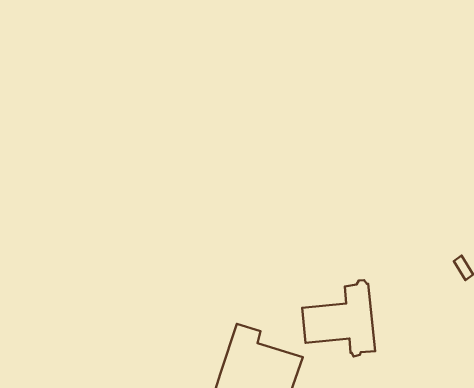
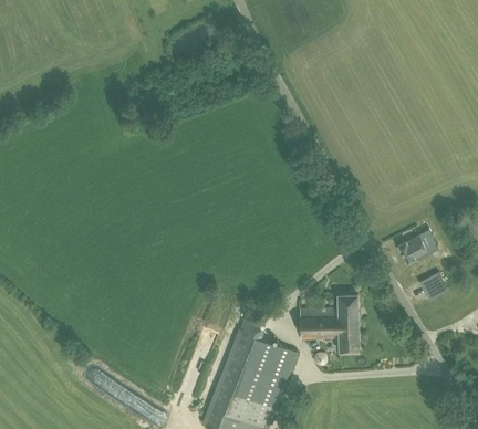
building: none -> [396,236,436,264]

